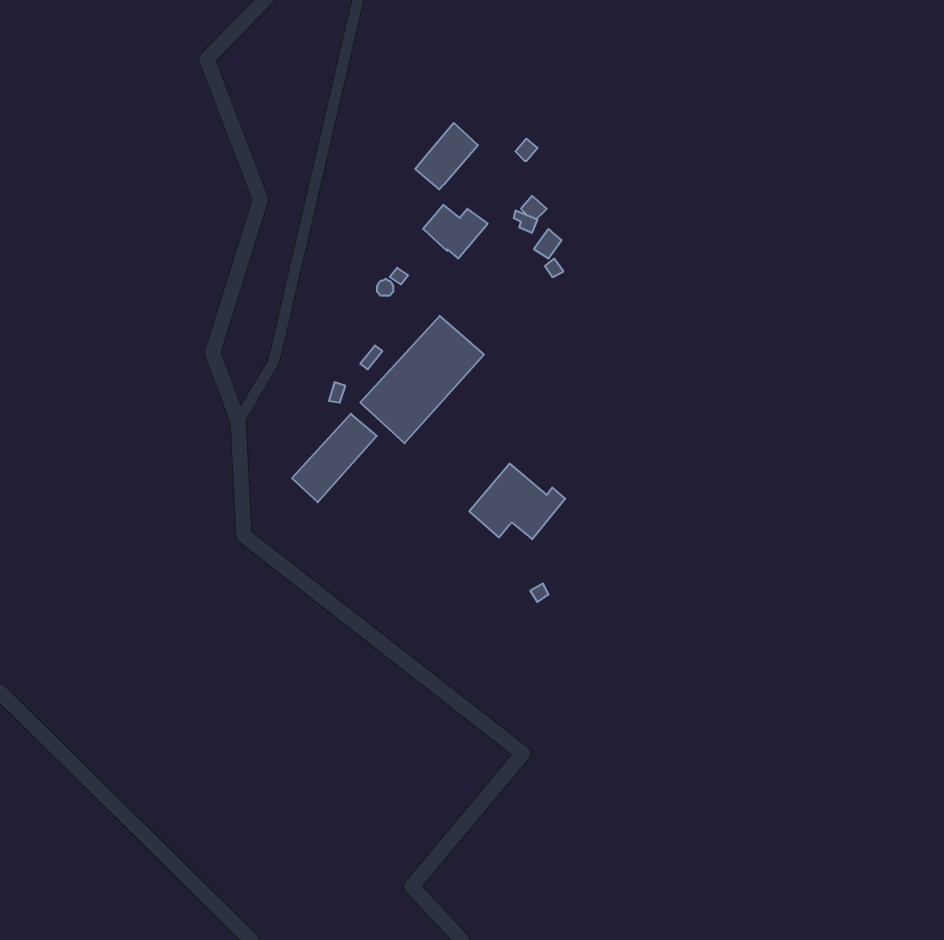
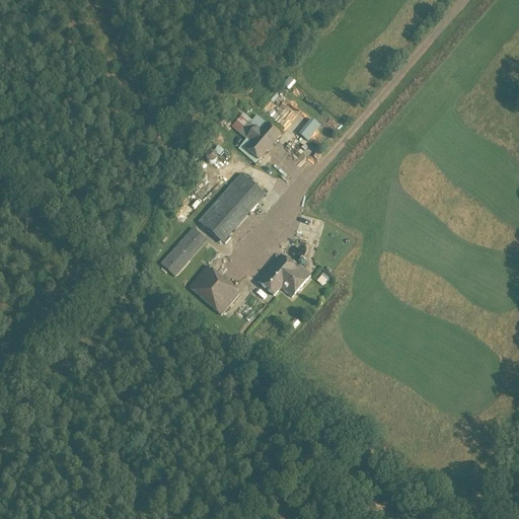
building: [415,123,478,189] -> [246,123,281,159]
building: none -> [190,265,239,313]

